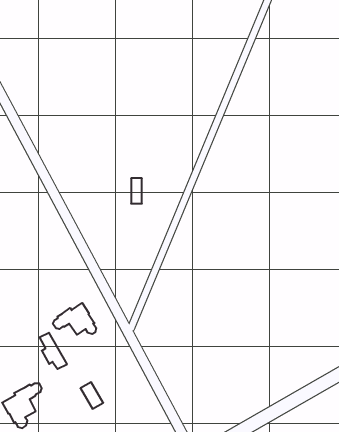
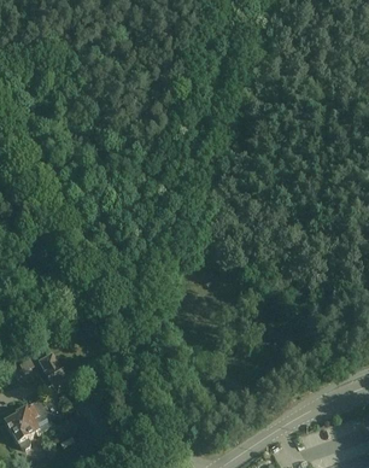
building: [53,303,96,335] -> none

